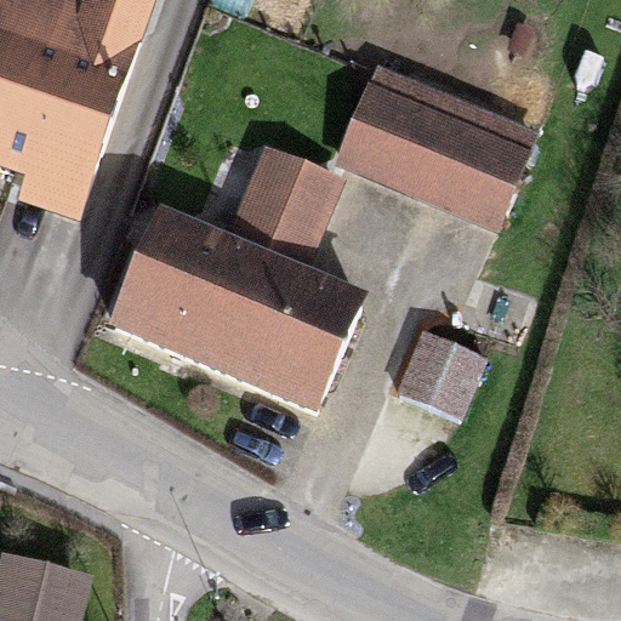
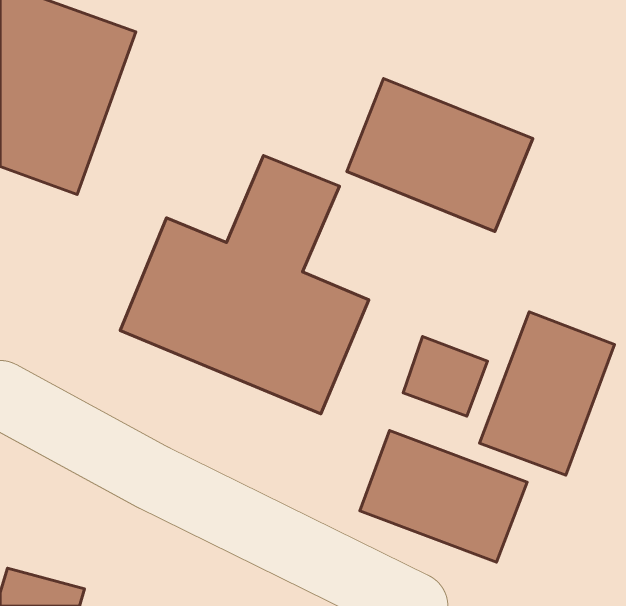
building: none -> [480,312,615,475]
building: none -> [360,430,527,562]

